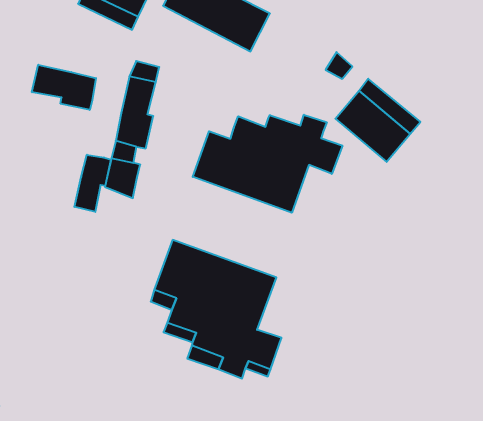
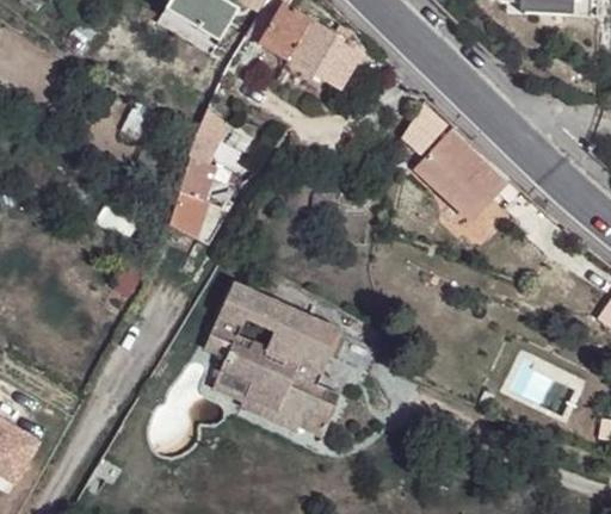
building: [32,65,96,110] -> none
building: [193,115,342,213] -> none
building: [74,155,111,212] -> none

